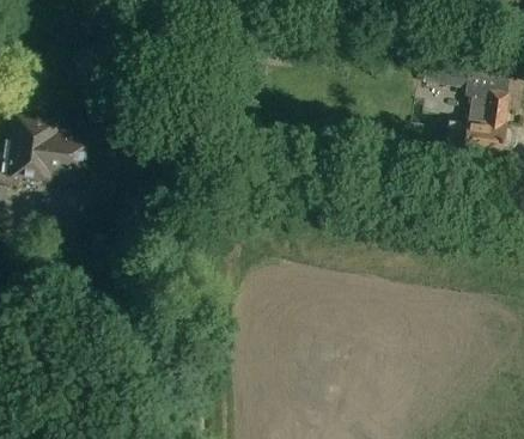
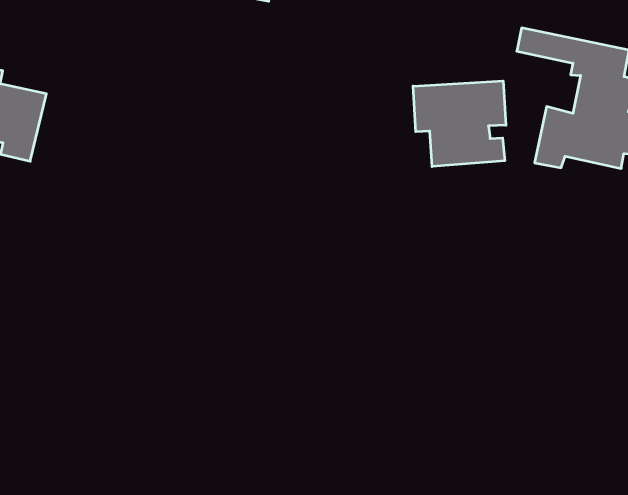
building: none -> [413,81,506,167]

